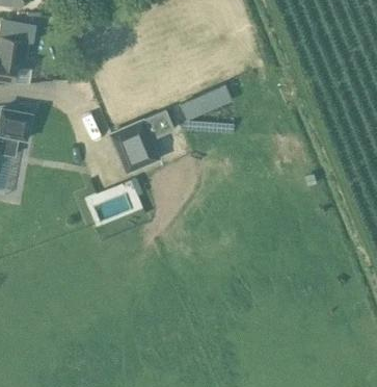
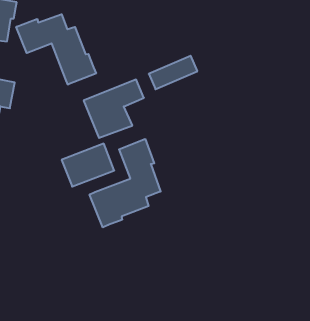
building: none -> [16,14,96,85]
building: none -> [90,139,161,227]

